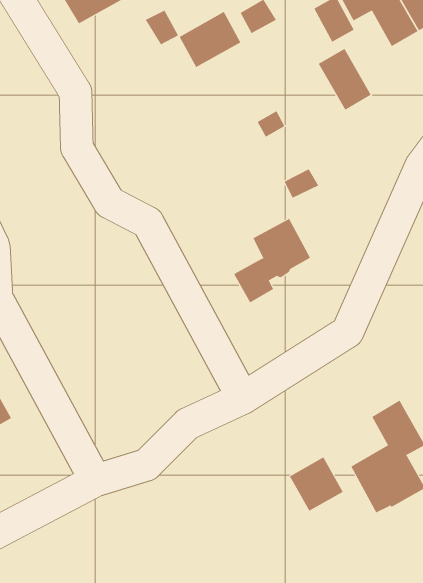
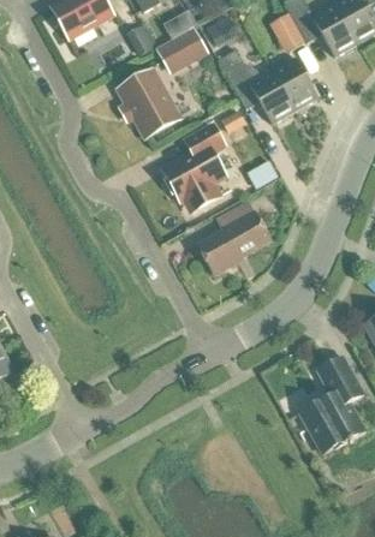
building: none -> [218,48,294,123]
building: none -> [118,70,178,136]
building: none -> [163,124,224,210]
building: [289,457,343,512] -> none

